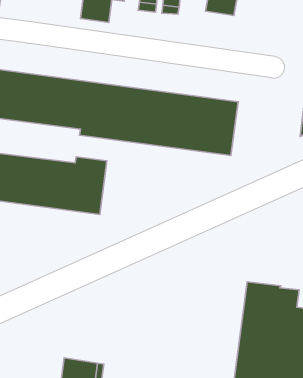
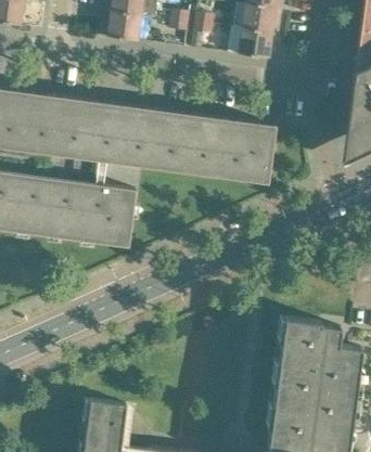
building: none -> [236,30,270,60]

